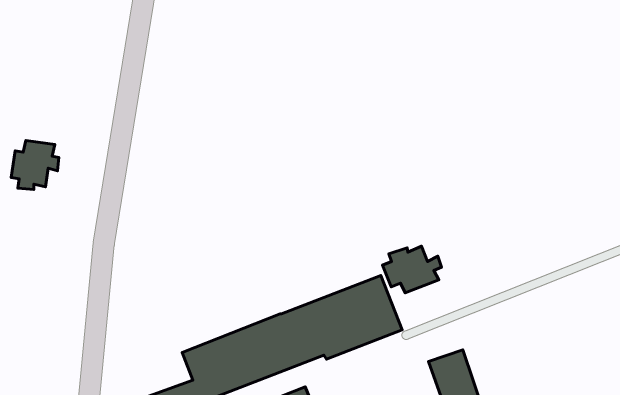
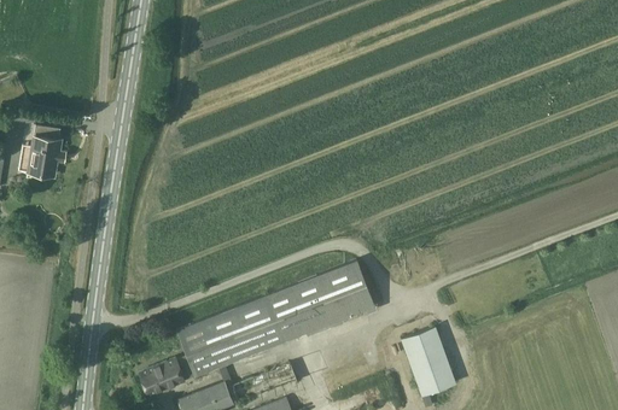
building: [383,246,441,293] -> none

